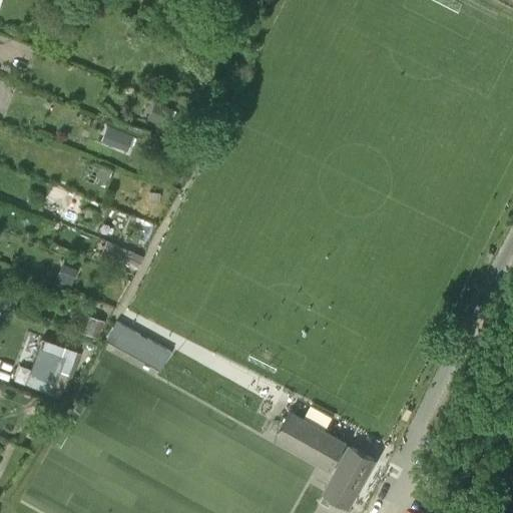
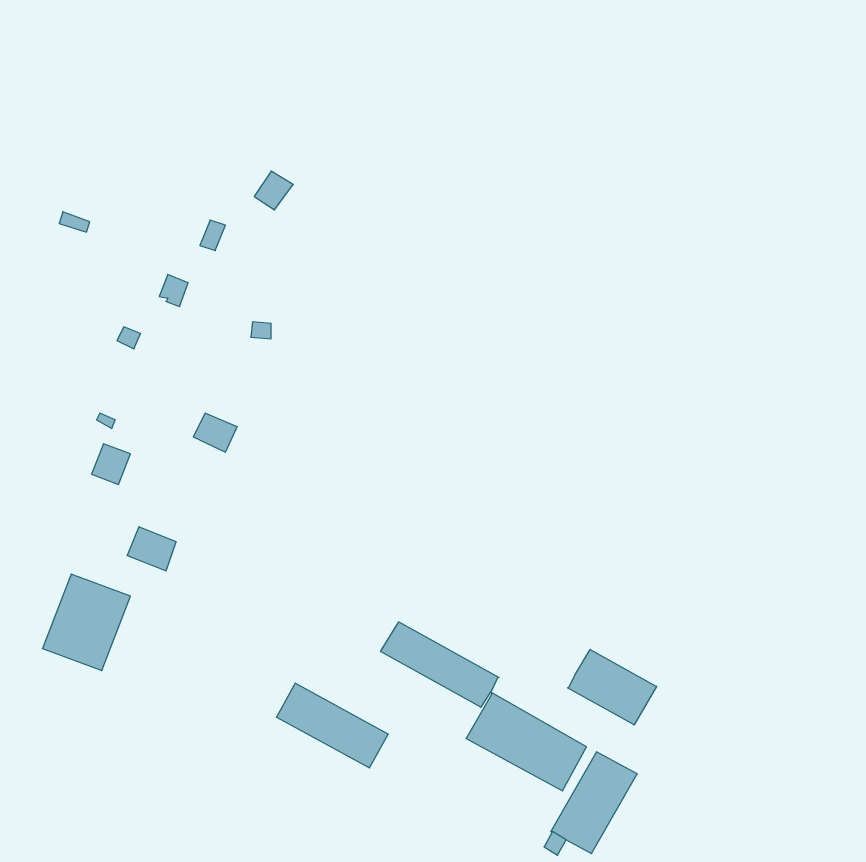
building: [103,323,169,373] -> [276,683,388,768]
building: none -> [381,622,499,707]
building: none -> [568,649,657,725]

